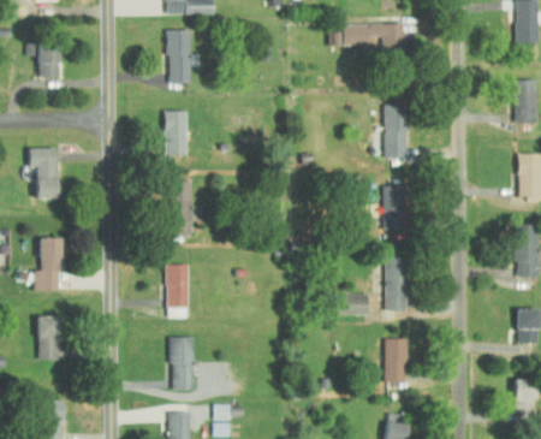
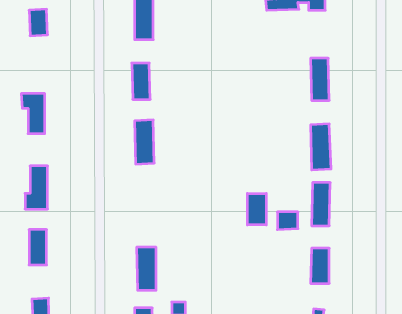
building: [166,263,188,318] -> none
building: none -> [247,193,266,225]

